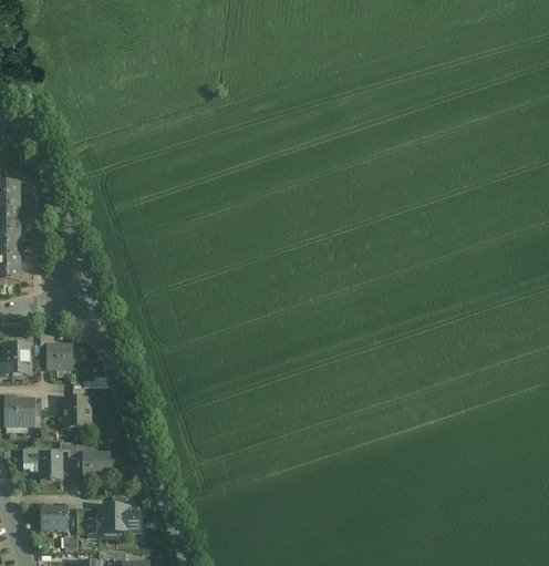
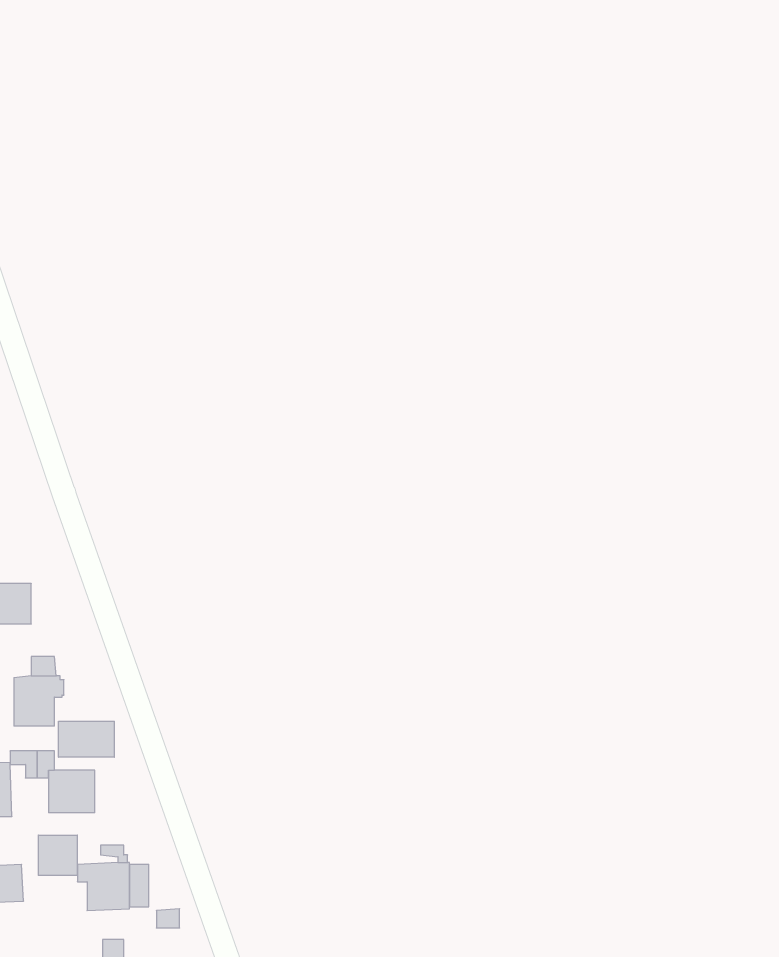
building: none -> [59,721,114,757]
building: none -> [38,835,77,875]

